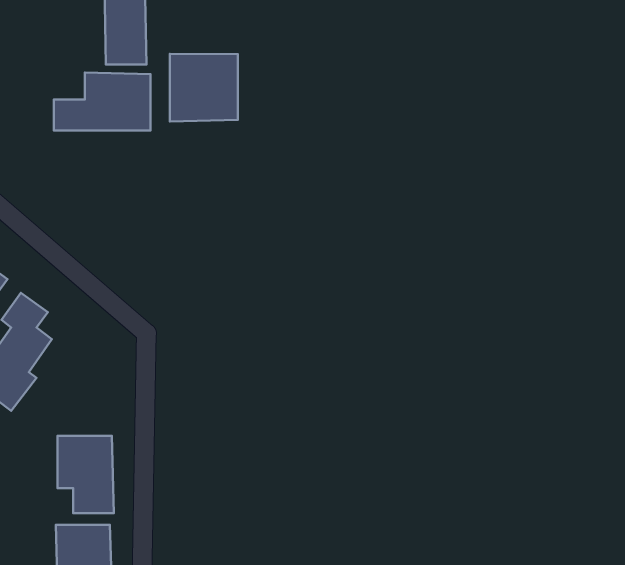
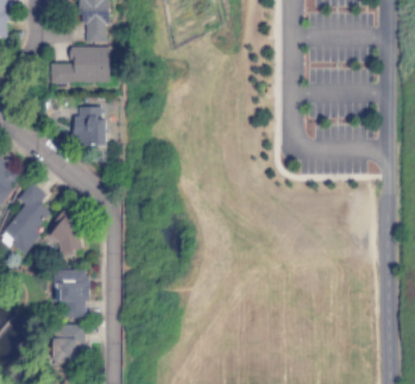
building: [170,54,238,122] -> none
building: none -> [74,106,105,145]
building: none -> [44,213,83,256]

